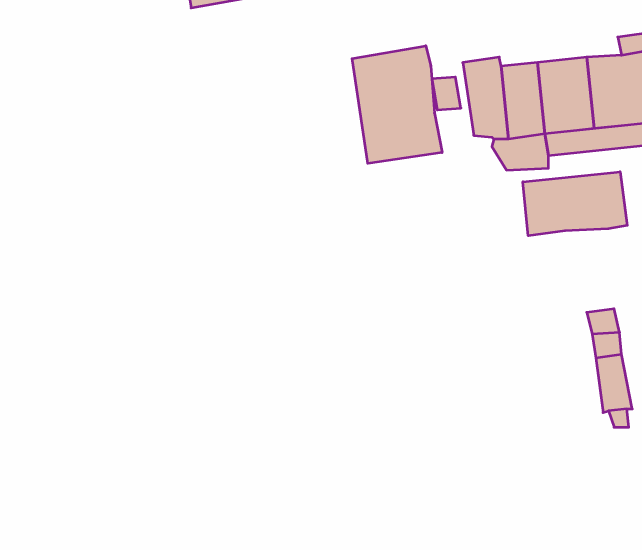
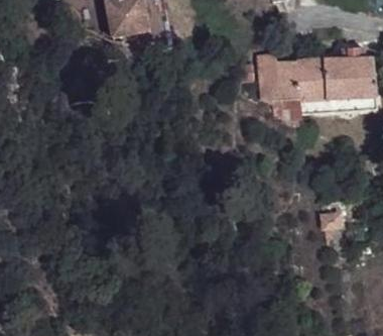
building: [352,46,442,163] -> none
building: [523,172,627,236] -> none

